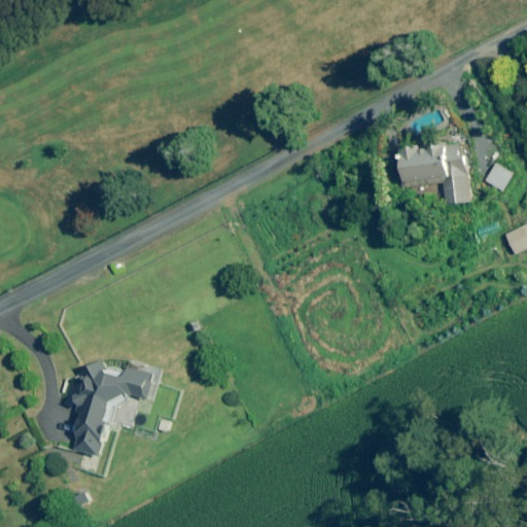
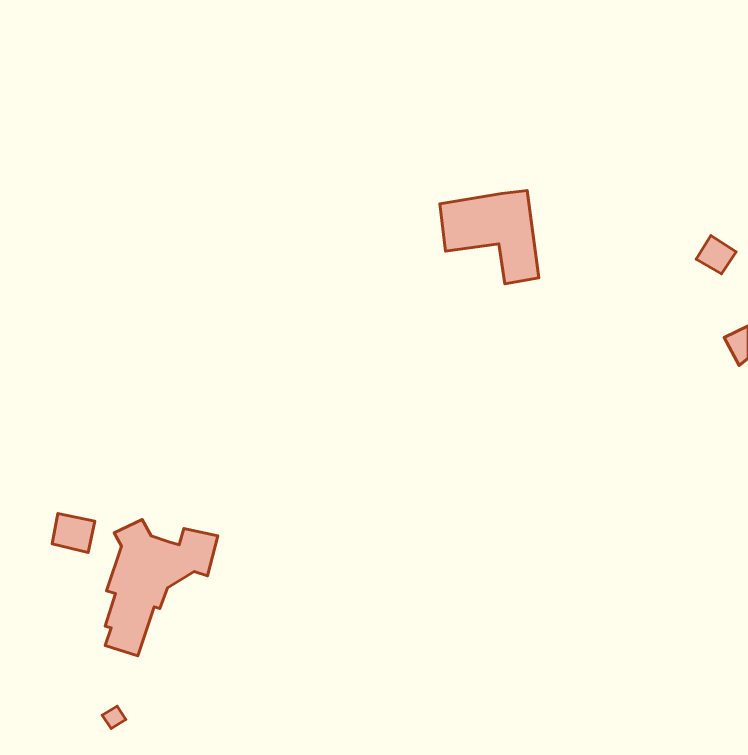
building: [400,140,469,205] -> [440,191,539,284]
building: none -> [52,514,95,552]

